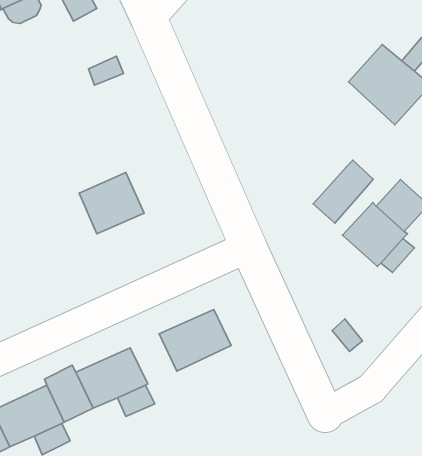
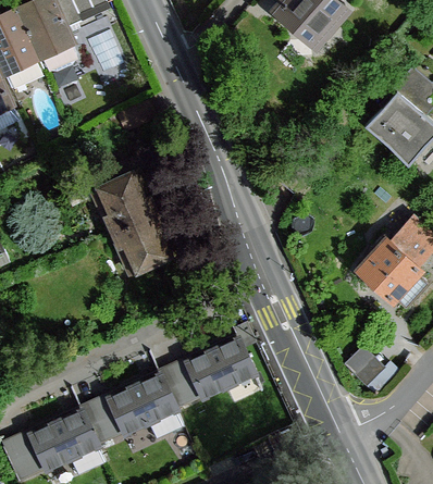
building: none -> [94,173,154,231]
building: [313,160,373,223] -> none
building: none -> [156,356,202,409]

